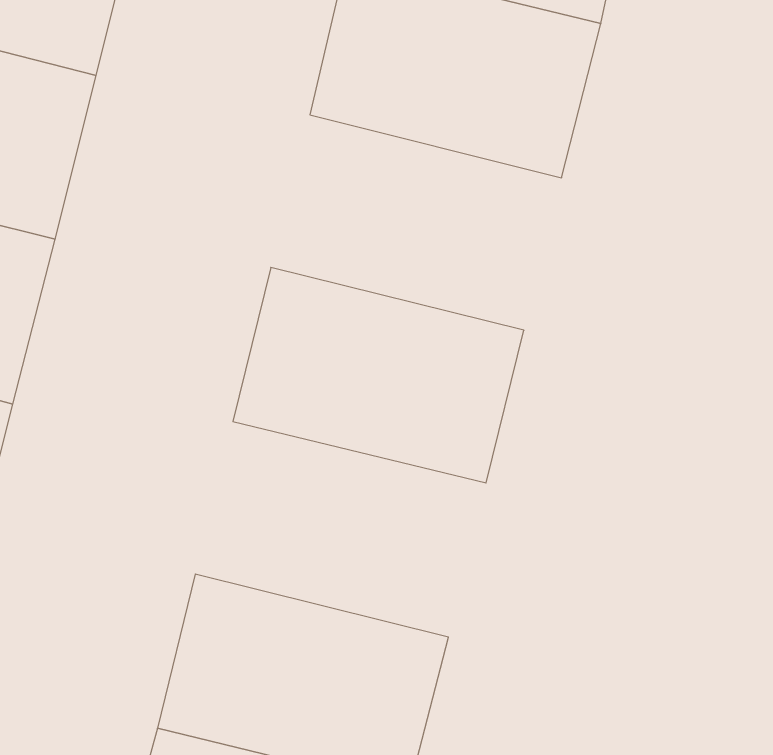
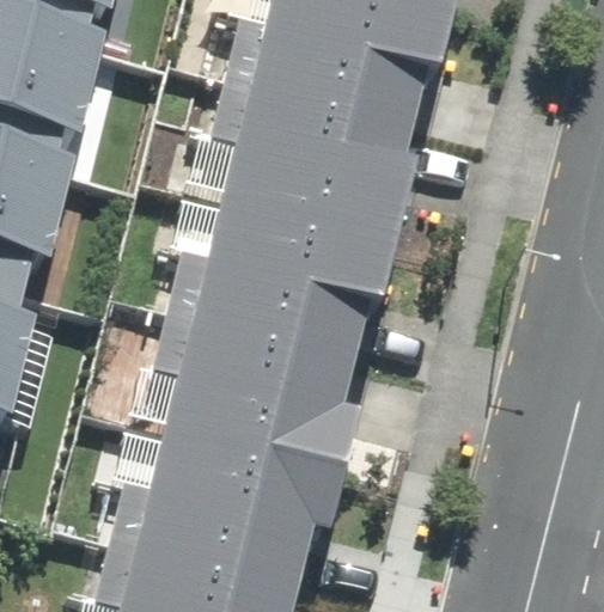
building: none -> [208,92,429,256]
building: none -> [151,325,372,489]

